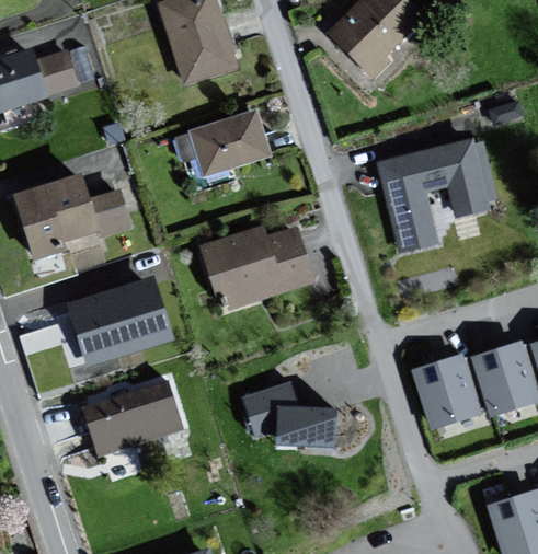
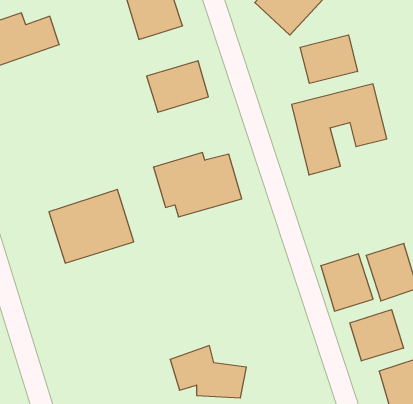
building: none -> [300,35,357,83]
building: [15,174,127,257] -> none
building: [242,381,340,448] -> [170,346,246,398]
building: [83,382,180,453] -> none
building: none -> [350,310,403,361]

